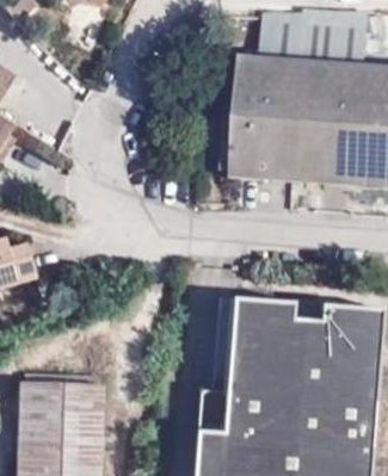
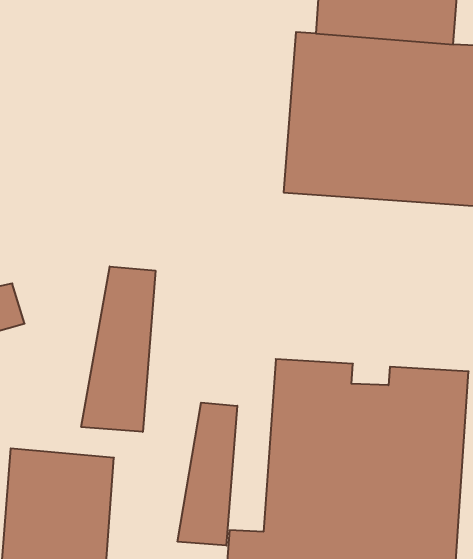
building: none -> [81,266,155,432]
building: none -> [178,403,237,546]

